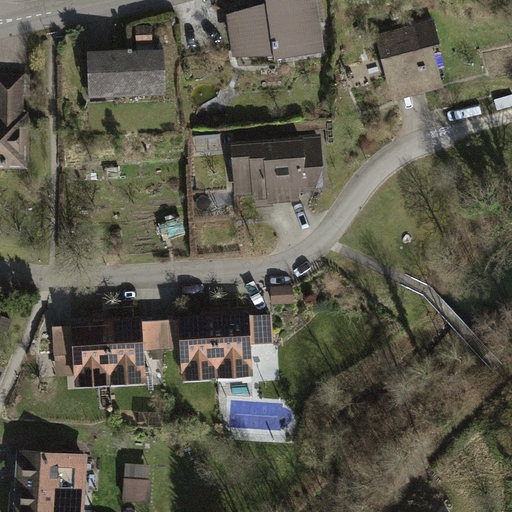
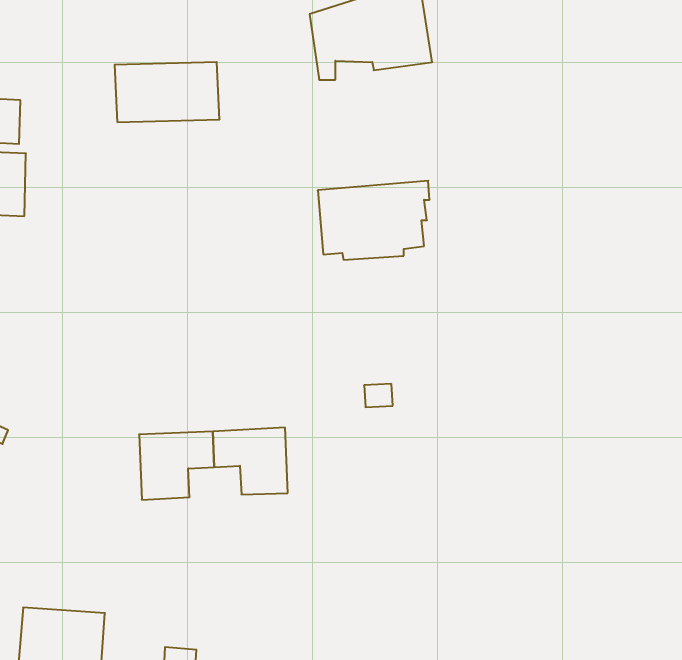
building: [376,26,438,102] -> none
building: [212,316,271,367] -> none
building: [51,324,107,374] -> none

